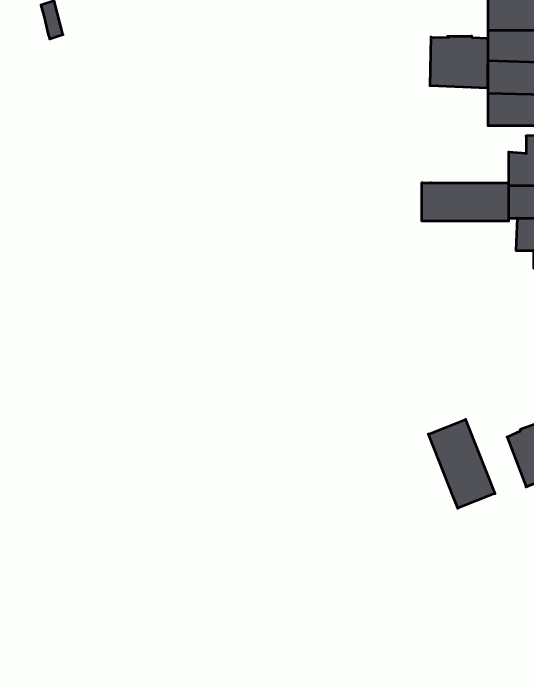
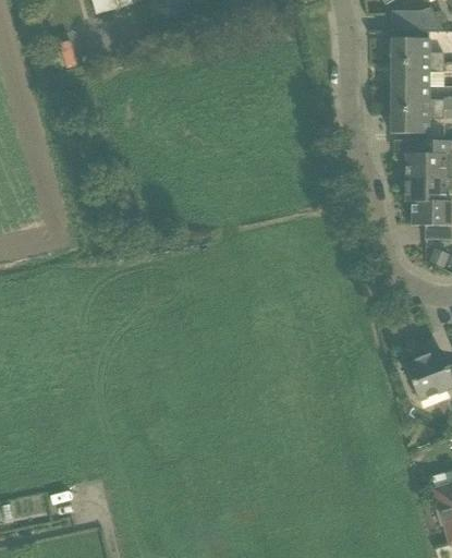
building: [430,36,488,88] -> none
building: [422,183,509,221] -> none
building: [428,419,495,508] -> none

